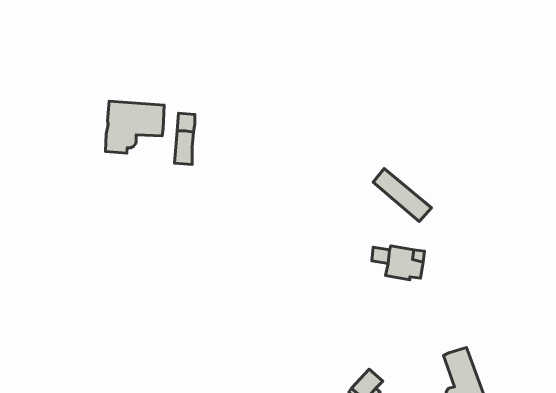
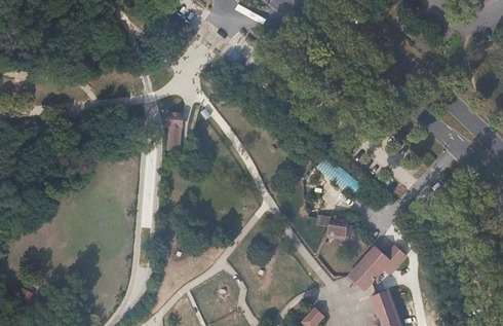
building: [106,101,164,153] -> none
building: none -> [348,245,404,290]

